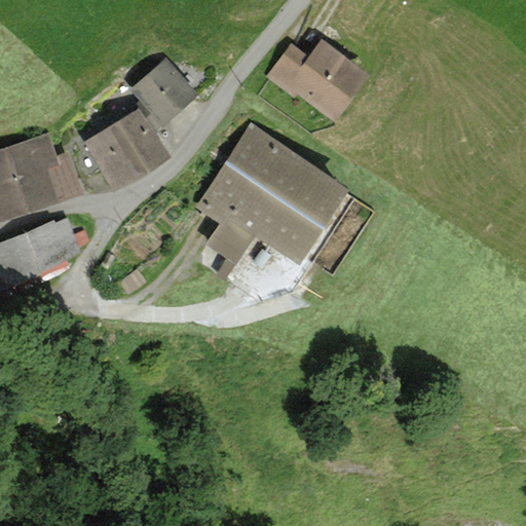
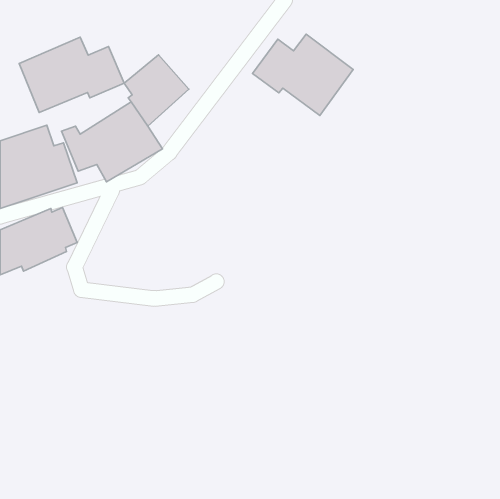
building: none -> [19,37,124,113]
building: [195,123,349,265] -> none

